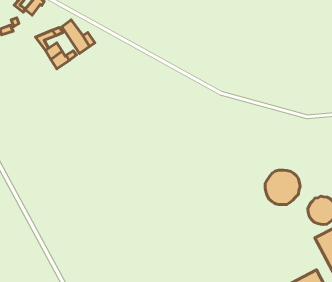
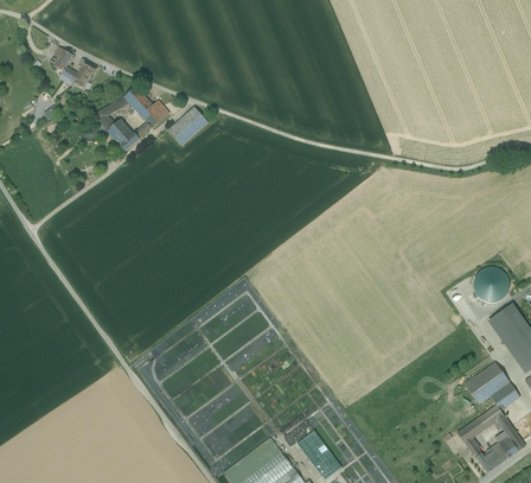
building: none -> [168,107,209,146]
building: [265,170,300,205] -> none

